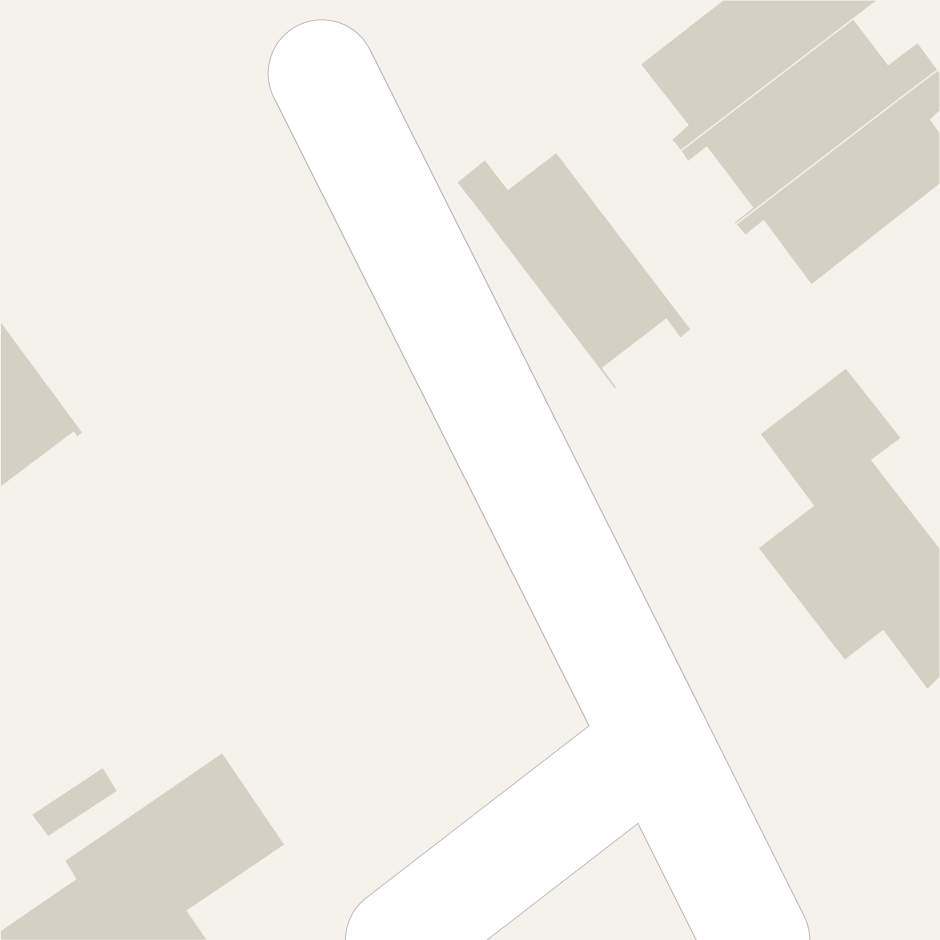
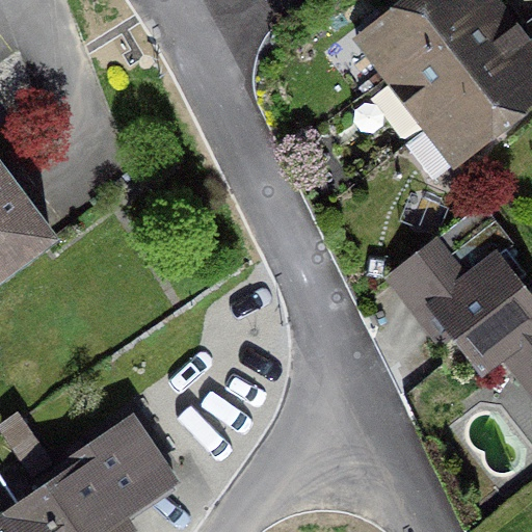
building: [457,152,691,389] -> none

